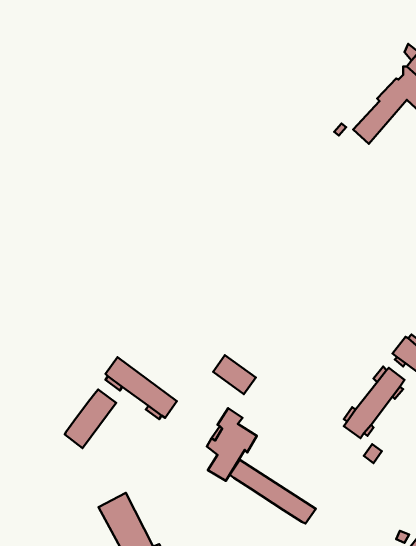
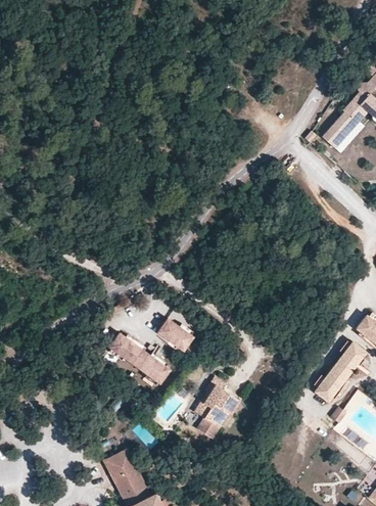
building: [213,355,256,394] -> [157,318,194,352]
building: [65,389,116,448] -> none
building: [230,460,316,524] -> none

